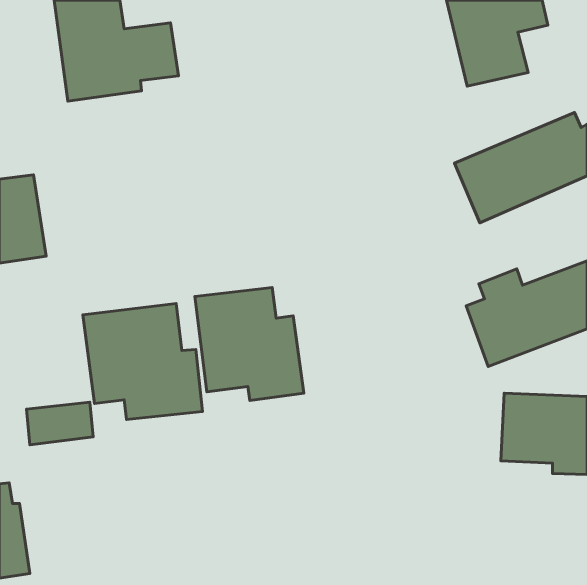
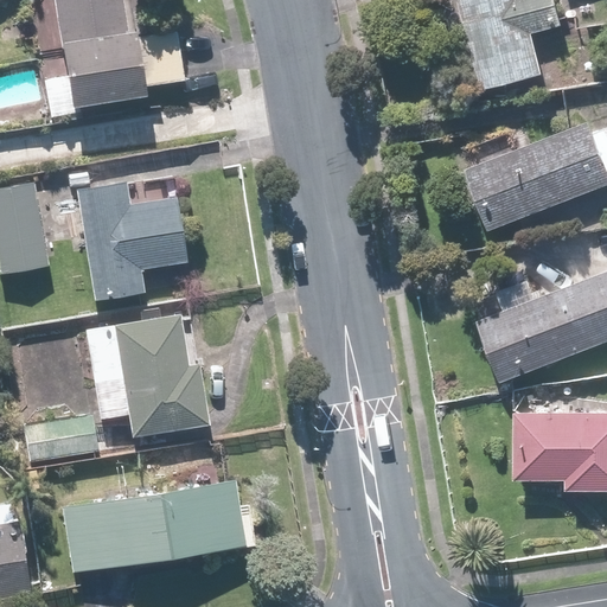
building: none -> [70,183,186,299]
building: [195,288,304,401] -> none
building: none -> [63,479,245,571]

